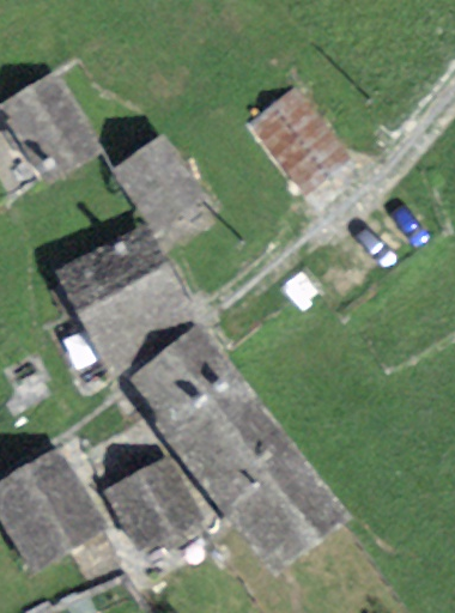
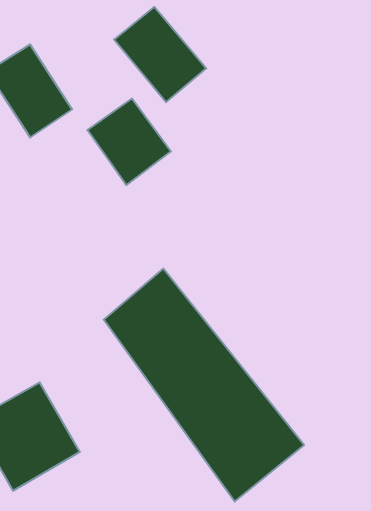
building: [249,87,351,193] -> [114,7,206,102]
building: [51,227,190,372] -> none
building: [99,456,204,556] -> none

